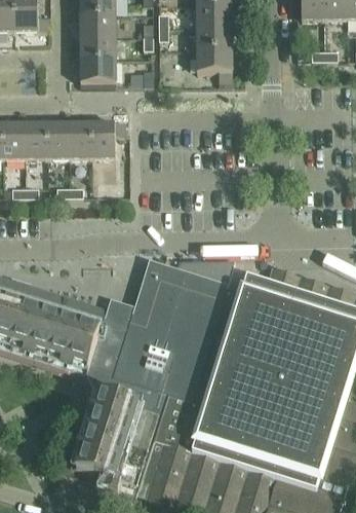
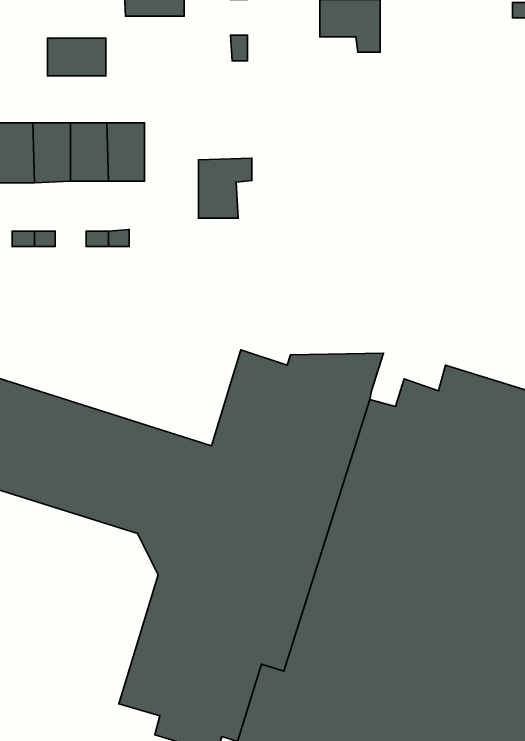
building: [80,60,115,82] -> [47,38,106,76]
building: [91,122,123,158] -> [198,158,252,218]

